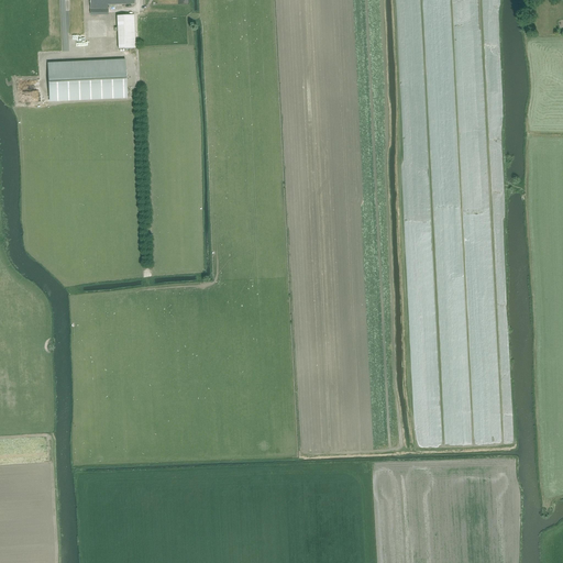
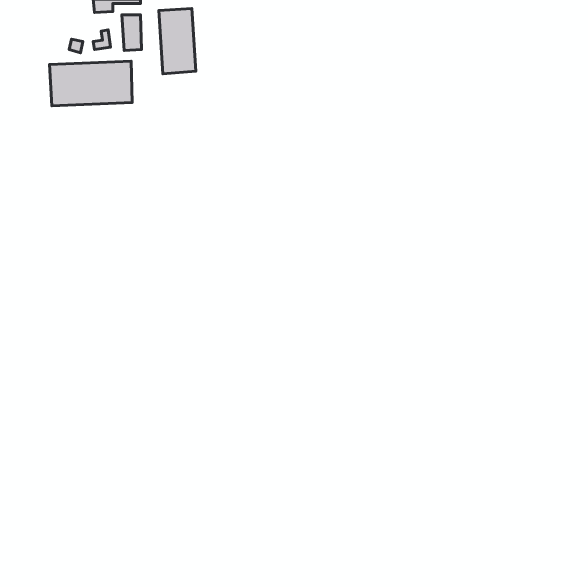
building: none -> [159,9,196,74]

